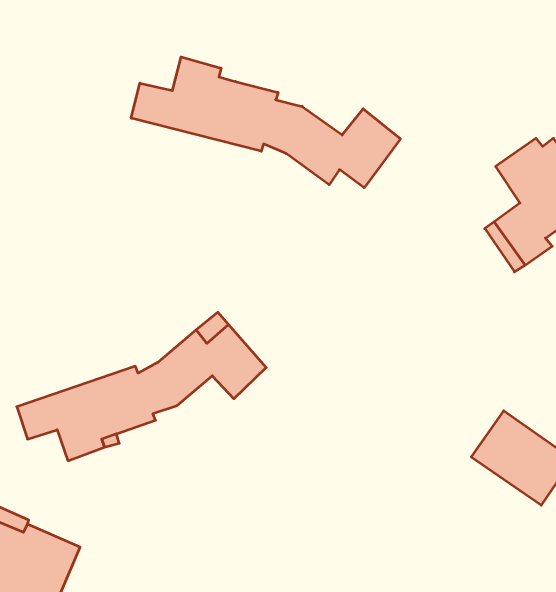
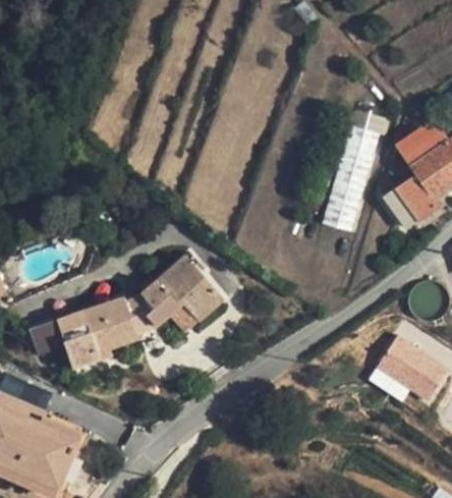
building: [131,57,400,188] -> none
building: none -> [323,109,385,231]

